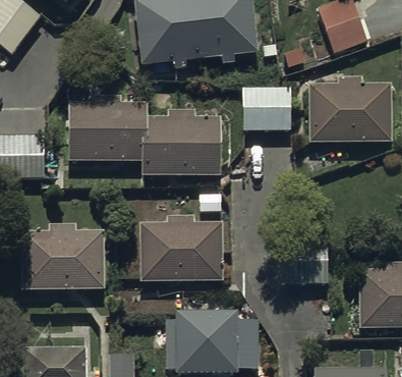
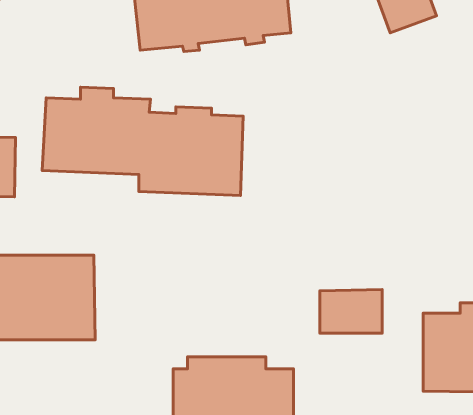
building: [308,75,393,142] -> none
building: [243,85,291,129] -> none
building: [137,214,223,281] -> none

